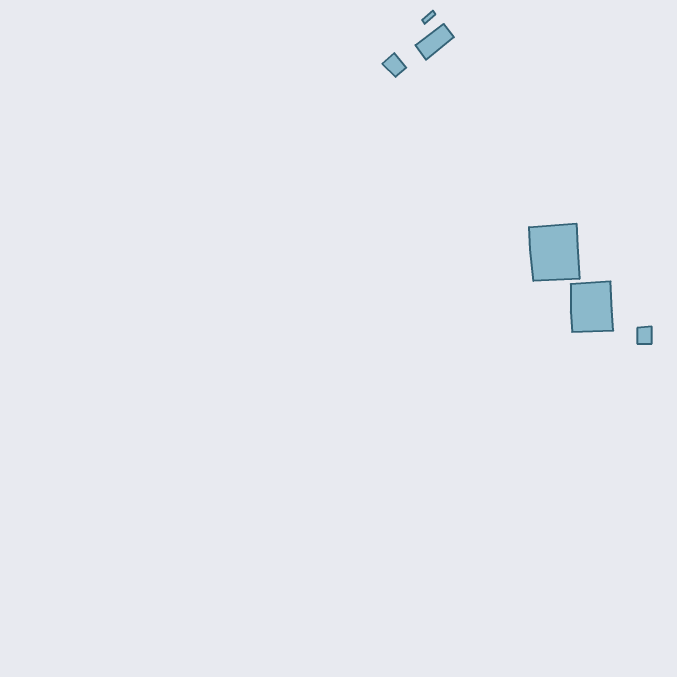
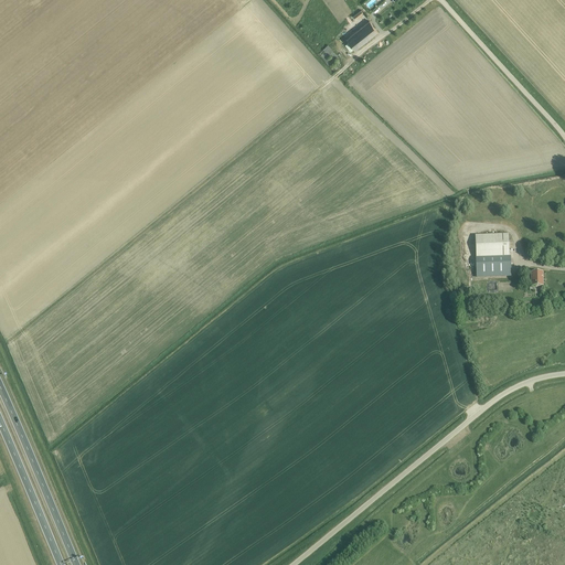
building: [529,224,579,281] -> none

